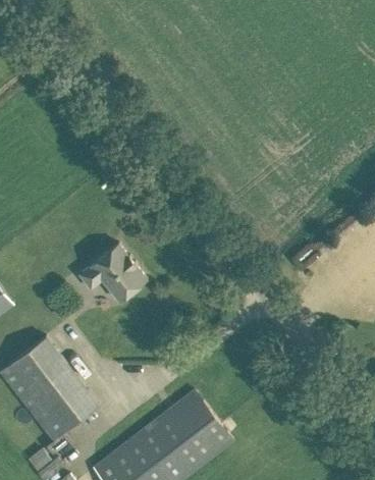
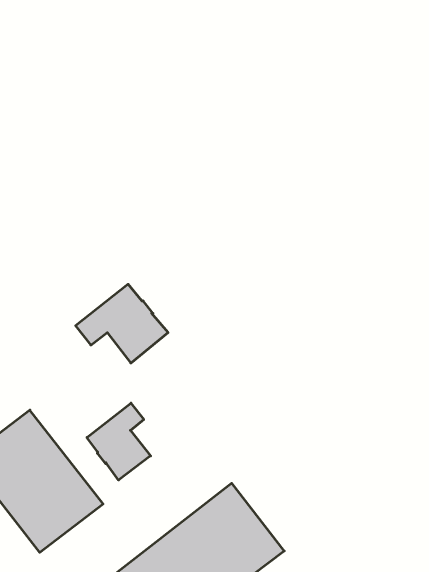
building: none -> [87,403,151,480]

